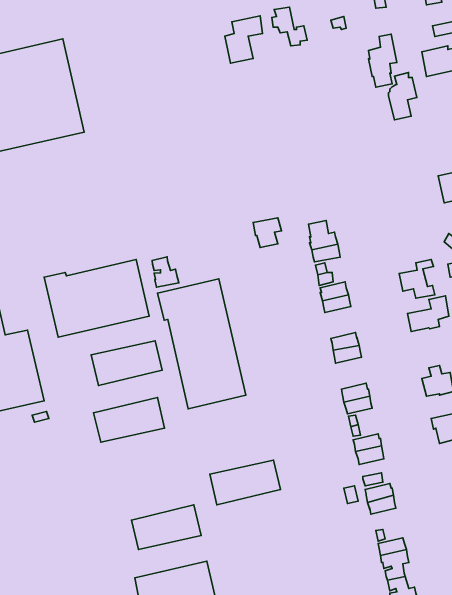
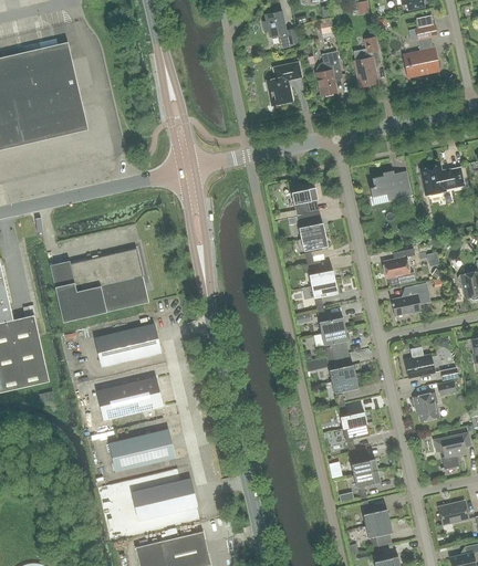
building: [225,16,262,63] -> [266,61,301,105]
building: [389,73,417,120] -> [315,51,342,95]
building: none -> [370,170,411,199]
building: [253,218,282,247] -> [291,187,318,214]
building: [152,257,179,287] -> none
building: [158,279,246,409] -> none
building: [210,460,281,505] -> [108,429,175,471]

